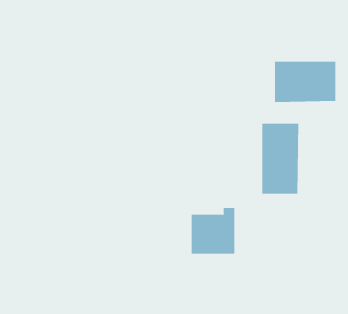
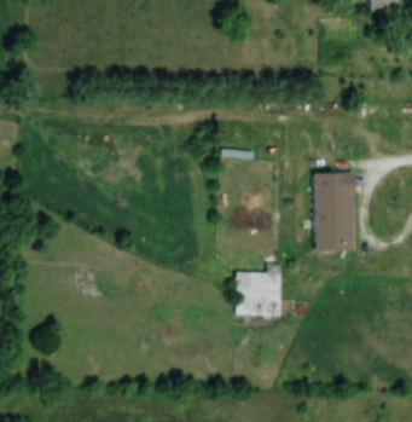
building: [275,61,336,103] -> none

